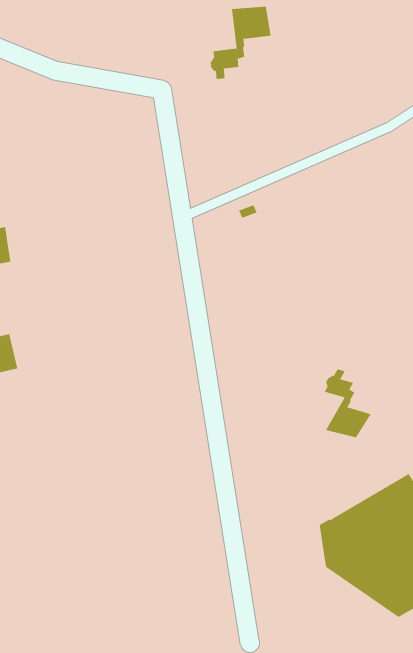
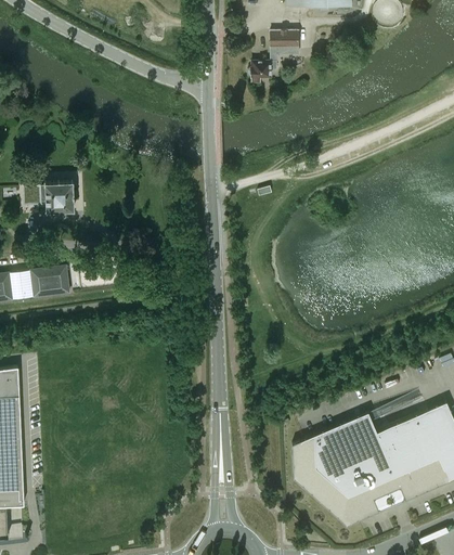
building: [324,369,371,438] -> none

